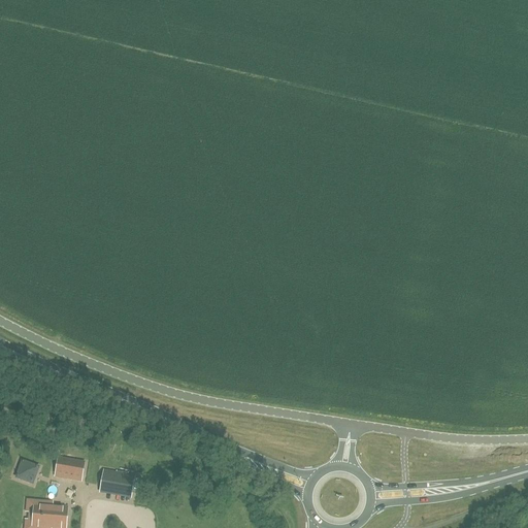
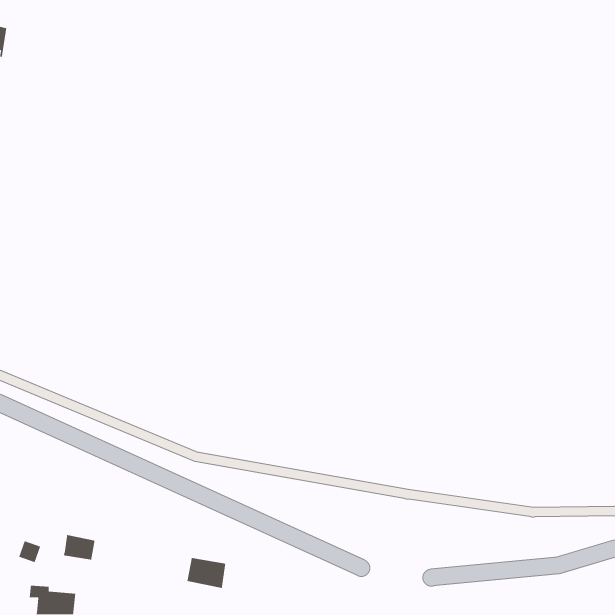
building: [98,469,132,496] -> [186,557,226,589]

